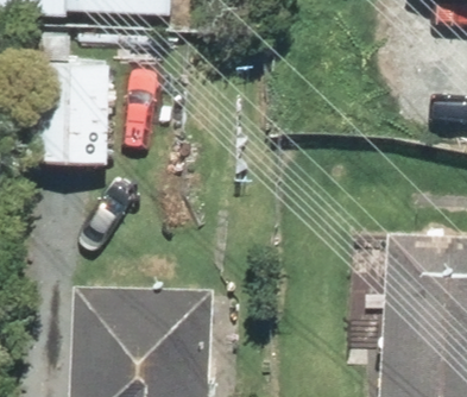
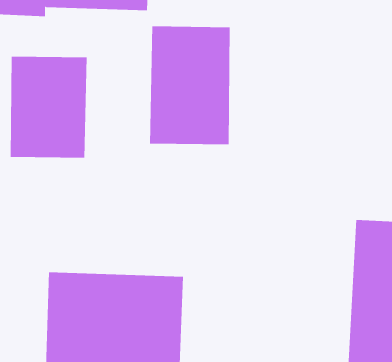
building: none -> [150,26,230,145]

